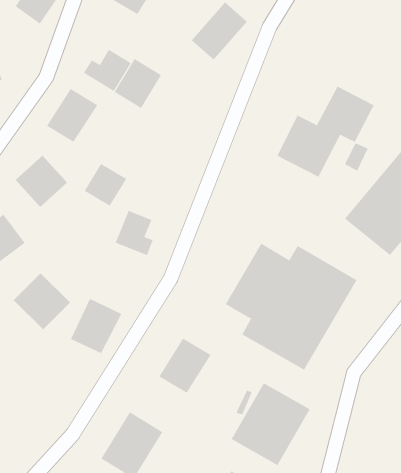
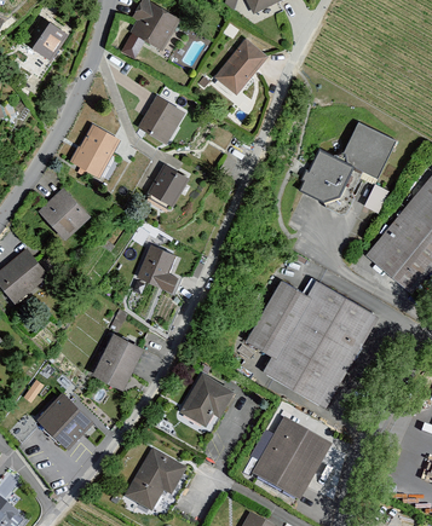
building: [83,49,131,92] -> none
building: [84,163,127,206] -> [143,162,186,206]
building: [13,272,71,330] -> [35,391,93,449]

